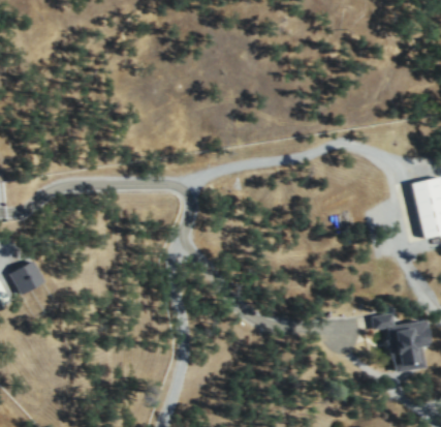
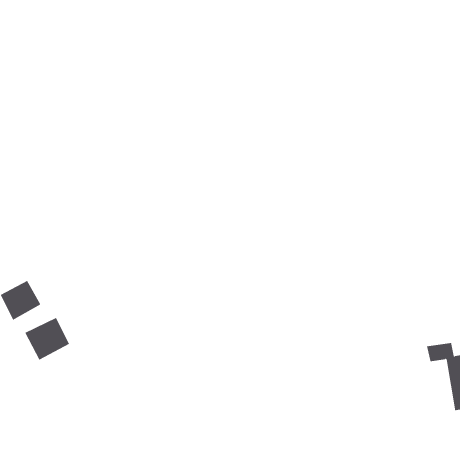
building: none -> [24,317,70,360]

